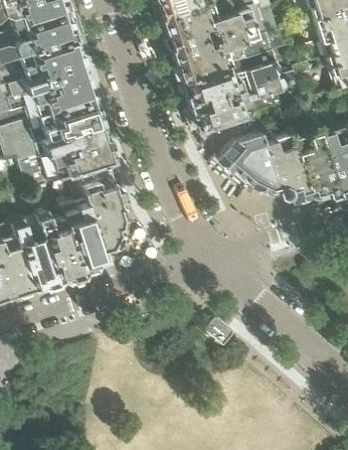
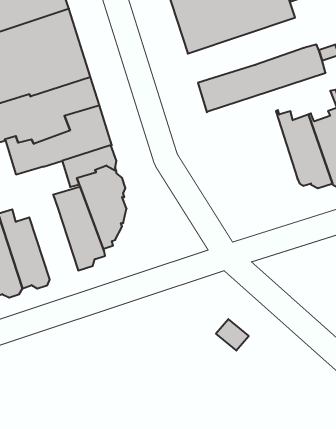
building: [180,46,284,105] -> none
building: [198,117,278,193] -> none
building: [35,209,82,280] -> none

